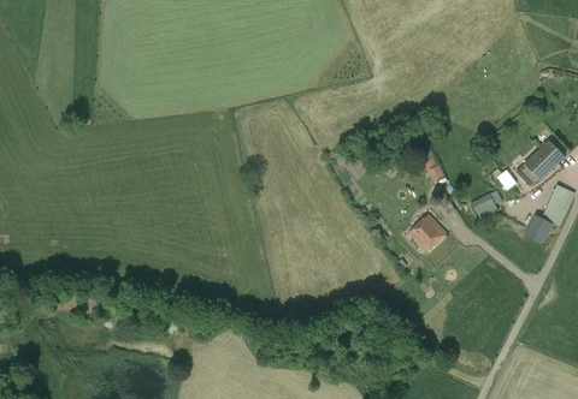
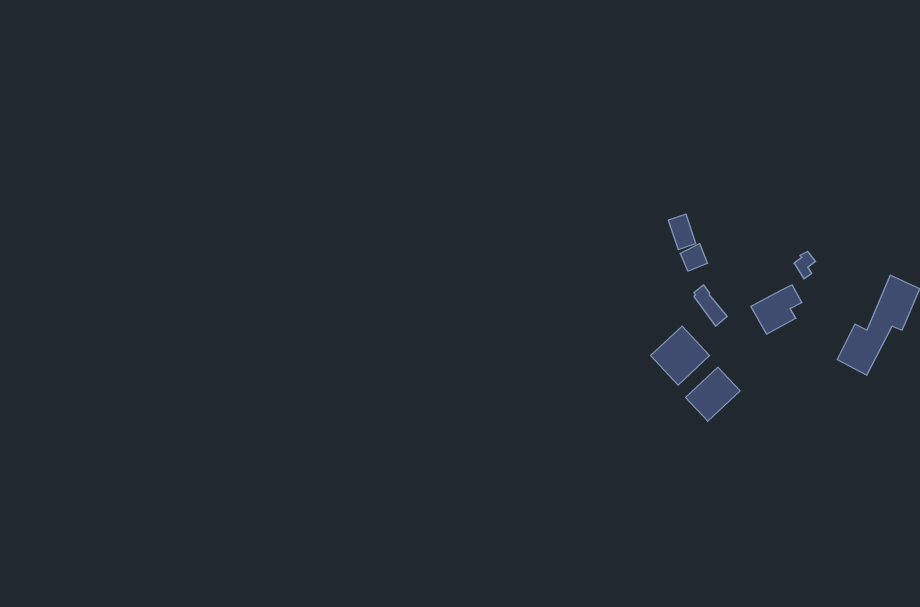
building: [520,139,565,179] -> none
building: none -> [686,367,740,421]

